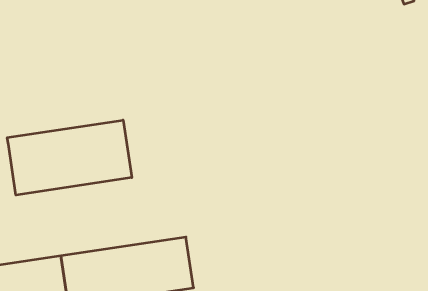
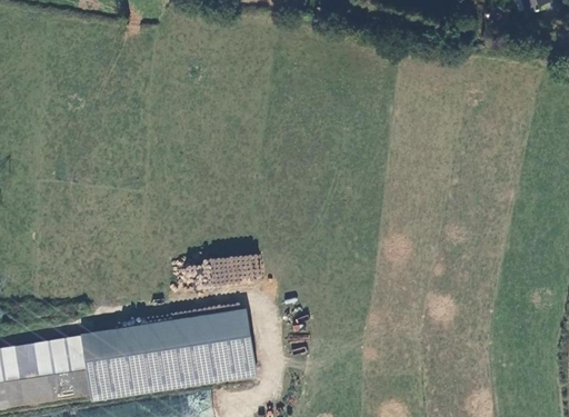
building: [7,120,132,195] -> none

